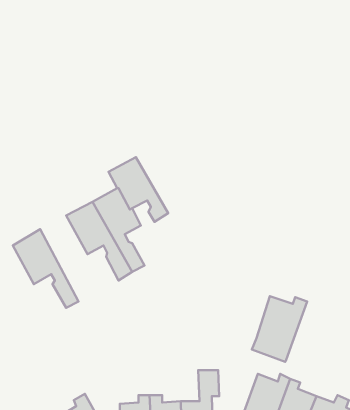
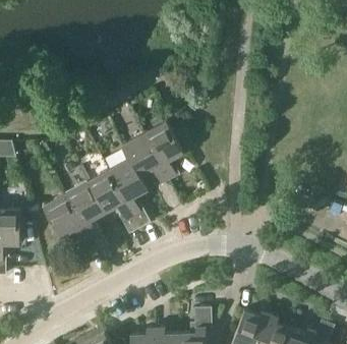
building: none -> [143,122,183,180]
building: none -> [65,182,107,252]
building: [252,296,307,362] -> none

